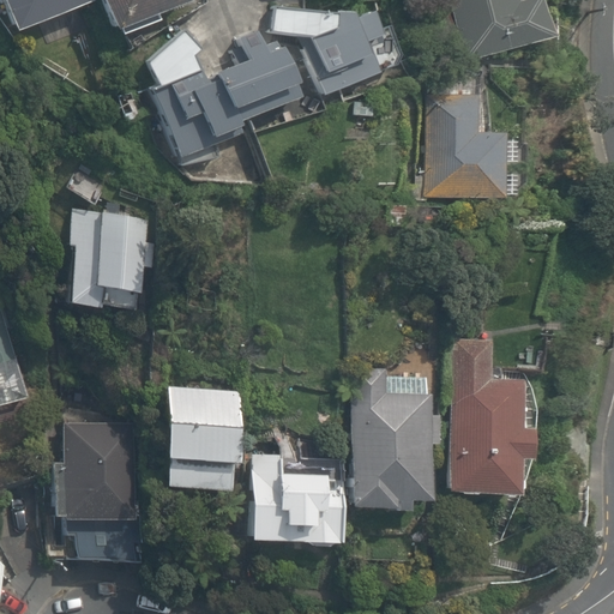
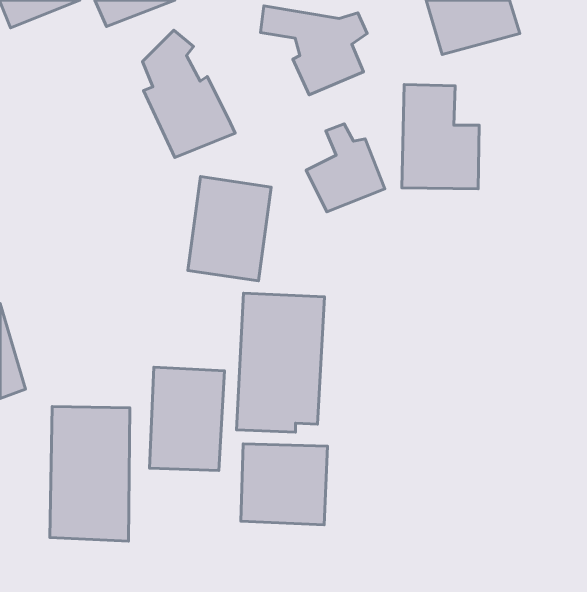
building: [219,31,301,122] -> [306,124,385,212]
building: [65,203,151,311] -> [188,177,271,281]
building: [451,347,536,496] -> none
building: [349,367,440,511] -> [237,293,325,432]

